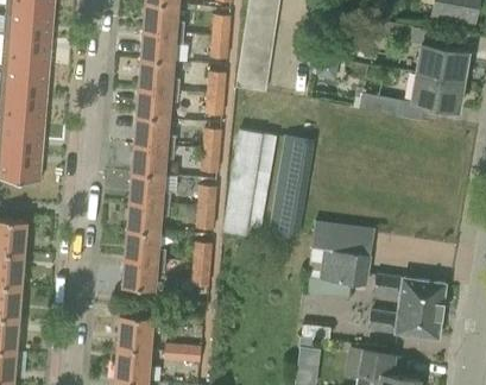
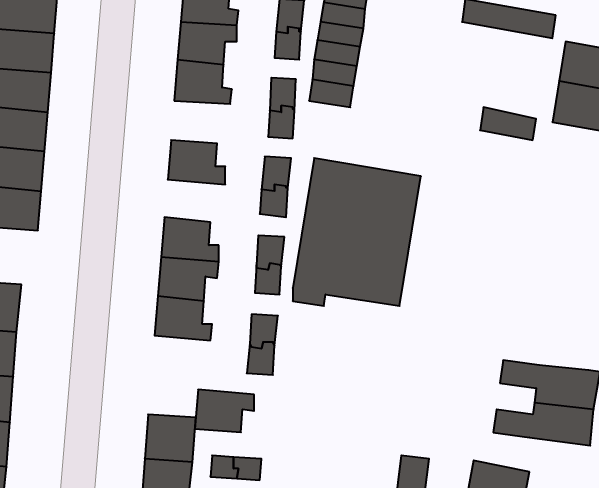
building: [135,88,178,119] -> none
building: [131,145,175,176] -> none
building: [307,221,375,299] -> none
building: [121,258,164,289] -> [195,390,254,432]

